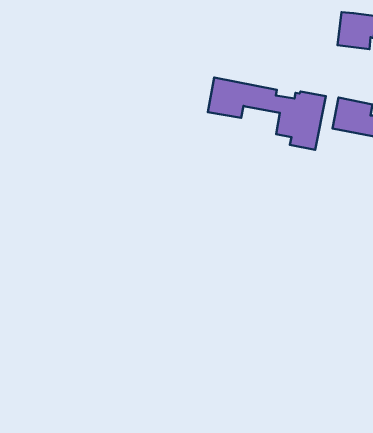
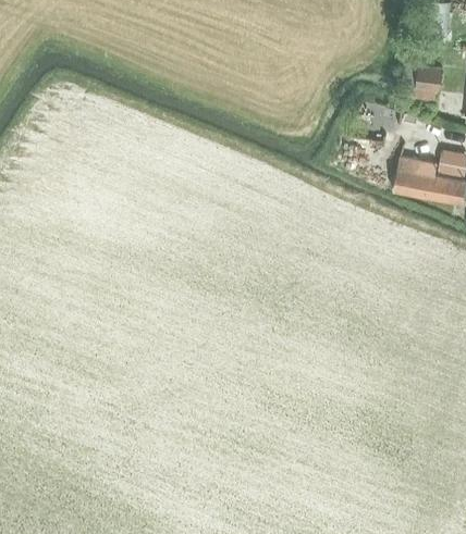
building: [208,77,326,150] -> none

